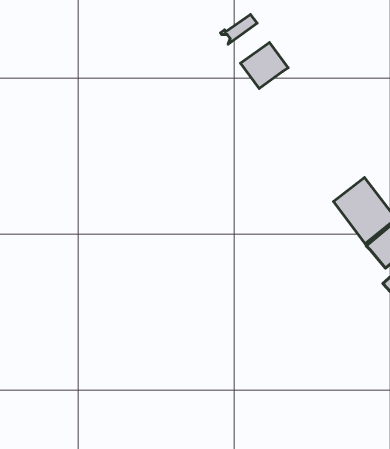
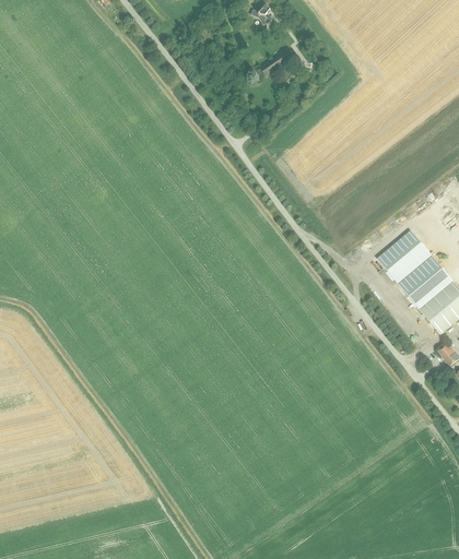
building: [241,42,288,89] -> none

